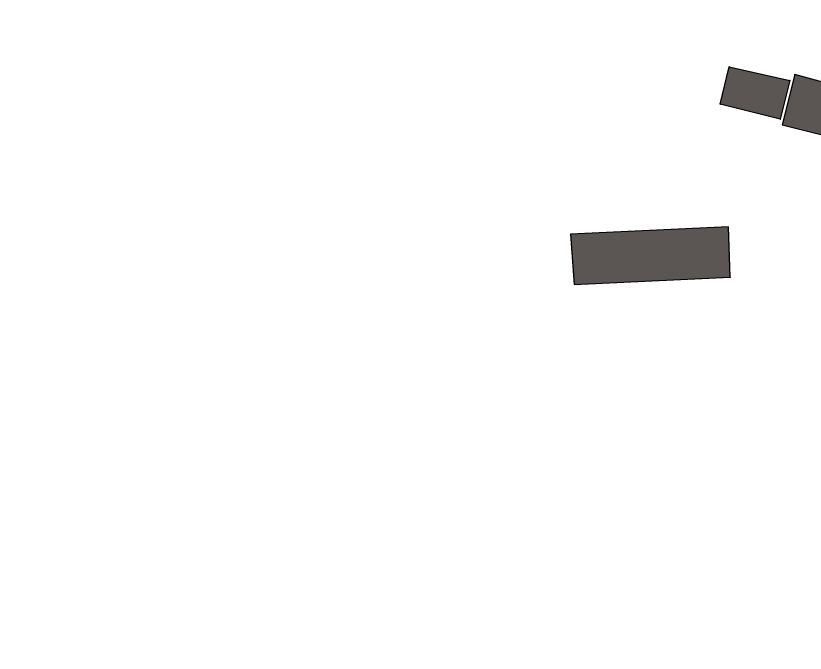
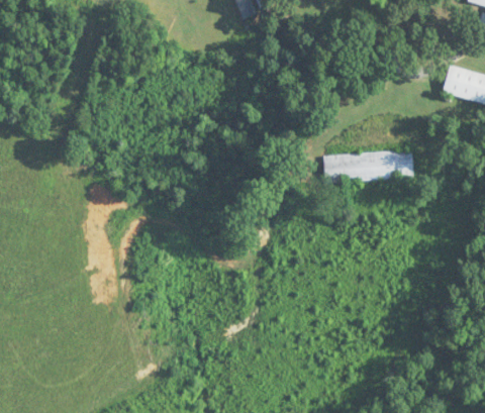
building: [720,67,790,119] -> none

